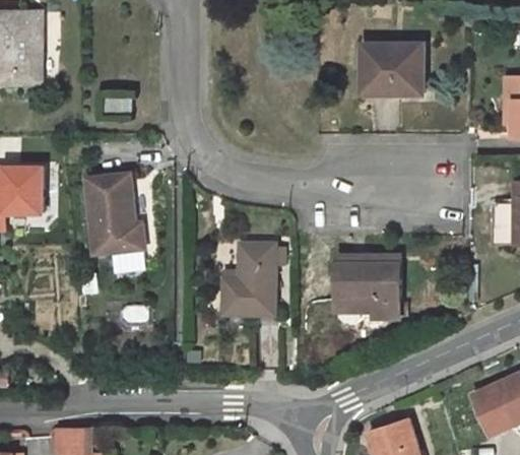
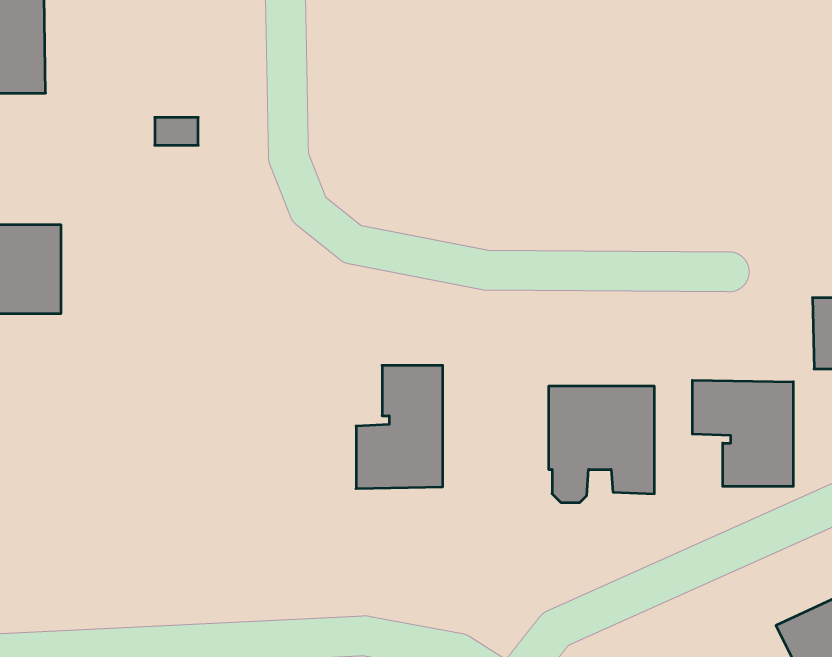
building: [362,43,424,94] -> none
building: [87,175,147,270] -> none
building: none -> [692,380,793,486]

